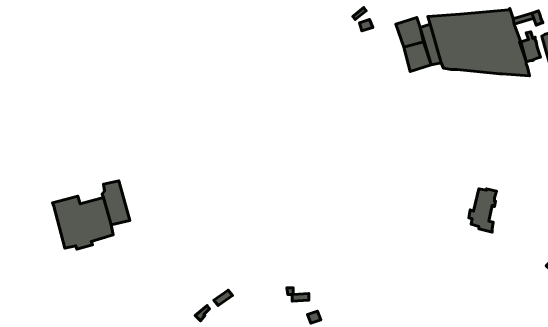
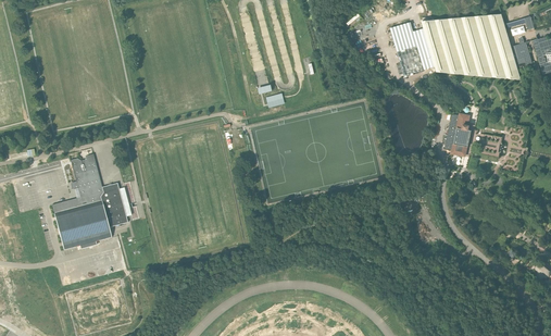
building: none -> [71,153,103,206]
building: [469,189,497,232] -> [442,113,469,155]

